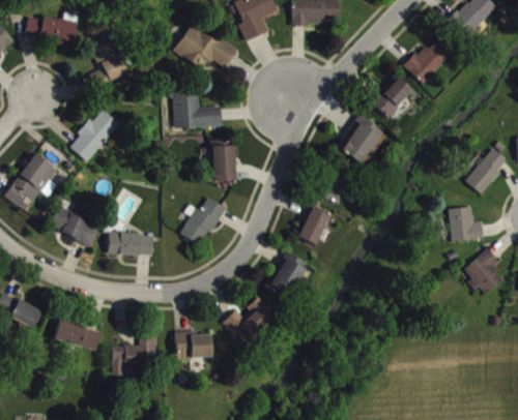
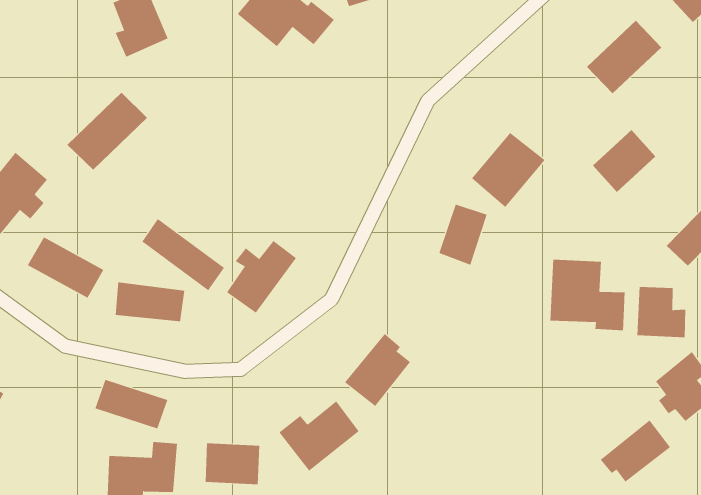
building: [369,74,410,117] -> [592,129,656,193]
building: [172,86,222,128] -> none
building: [211,141,236,180] -> none
building: none -> [141,218,225,291]
building: none -> [550,259,625,331]
building: [295,205,329,244] -> none
building: none -> [600,420,671,482]
building: [53,319,100,349] -> [95,379,168,429]

